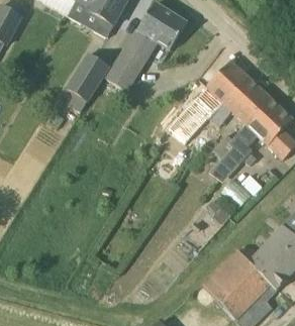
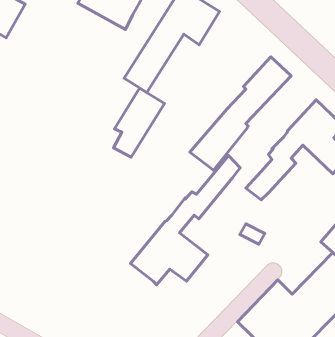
building: [66,53,109,112] -> [113,88,165,157]
building: [209,77,269,126] -> none
building: none -> [131,155,240,285]

